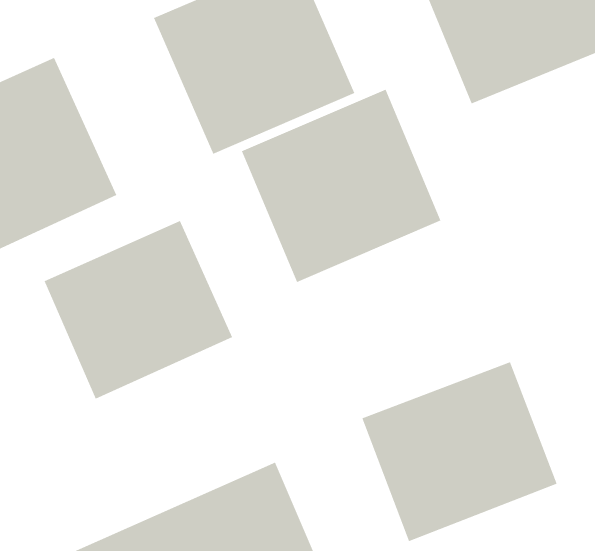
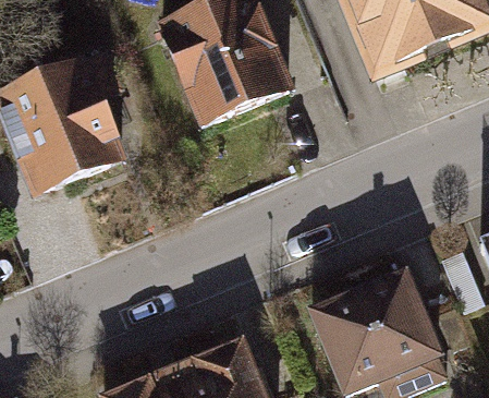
building: [241,89,441,283] -> none
building: [44,220,233,399] -> none

